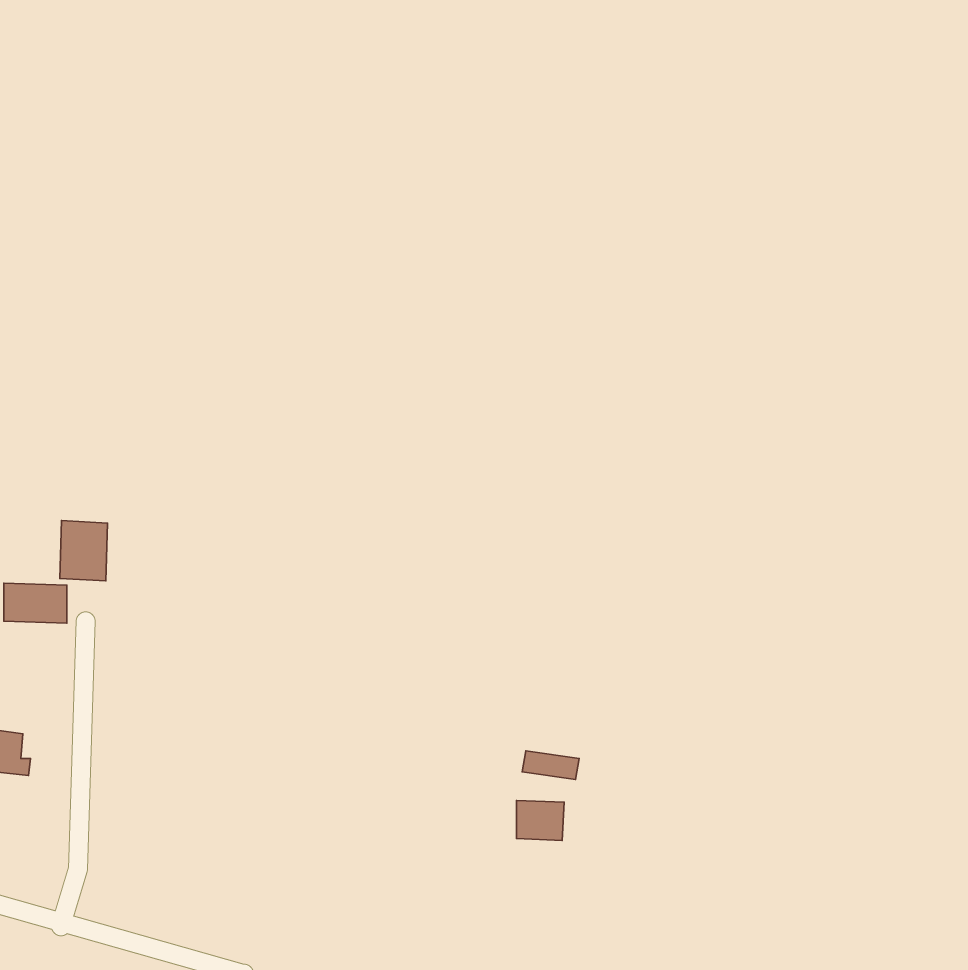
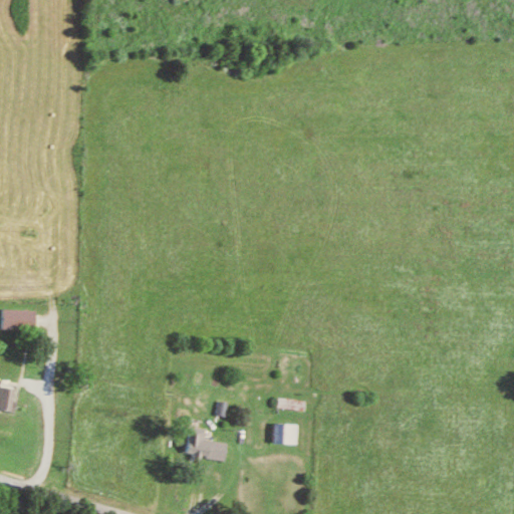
building: [60,521,108,581] -> none
building: none -> [186,428,226,462]

